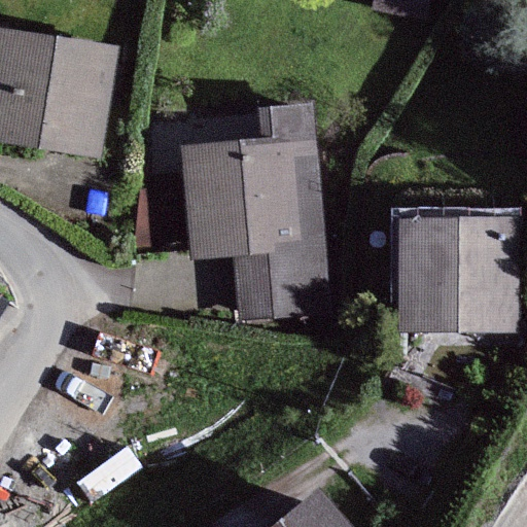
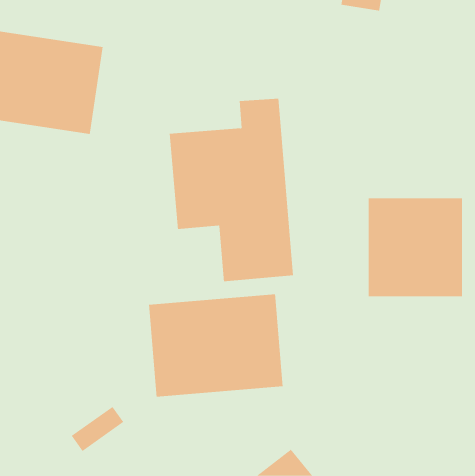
building: none -> [148,294,283,397]

